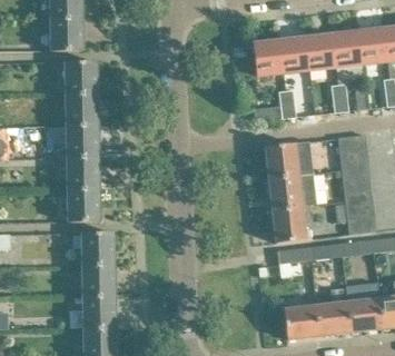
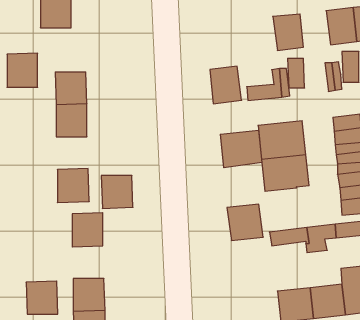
building: [306,33,336,69] -> none
building: [253,39,284,76] -> [210,66,242,104]
building: [66,60,96,93] -> [7,53,38,87]
building: none -> [220,130,262,168]
building: [67,157,98,189] -> [101,176,133,208]
building: [271,207,307,243] -> [227,204,263,241]
building: [82,264,113,296] -> [26,281,58,314]

